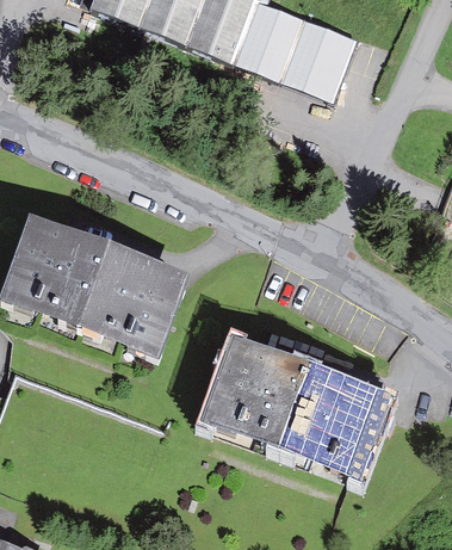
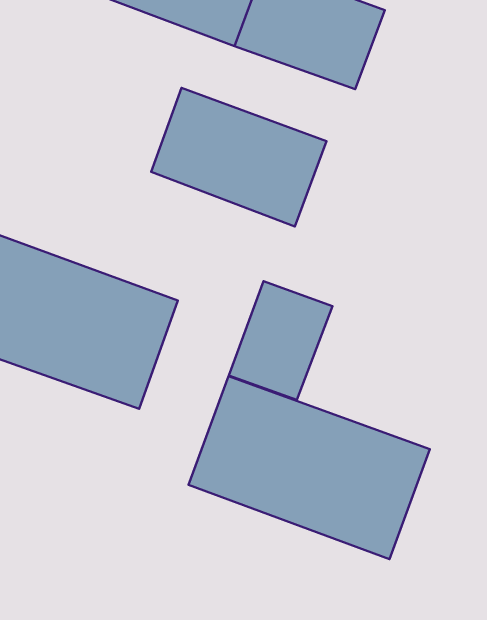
building: none -> [151,88,326,227]
building: none -> [229,281,332,400]

